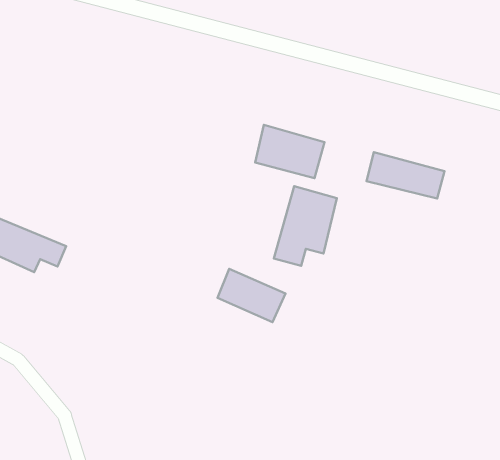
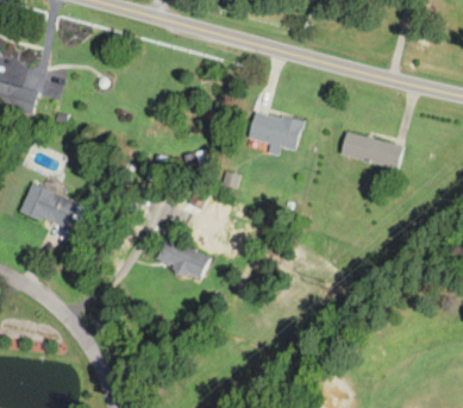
building: [274,186,337,266] -> none
building: [218,269,285,322] -> [155,237,211,281]

